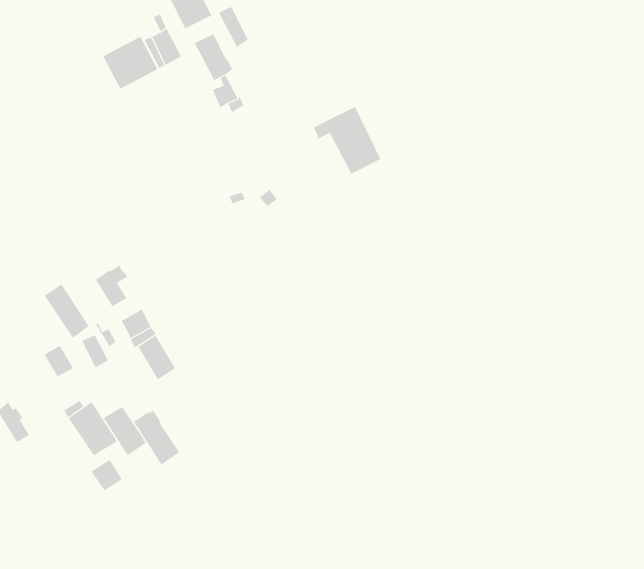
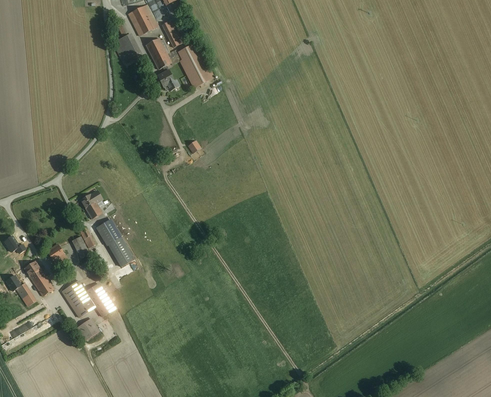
building: [102,36,158,90] -> none
building: [313,106,381,175] -> [168,43,213,88]
building: [44,284,89,338] -> [23,260,53,296]
building: [133,409,180,466] -> none

